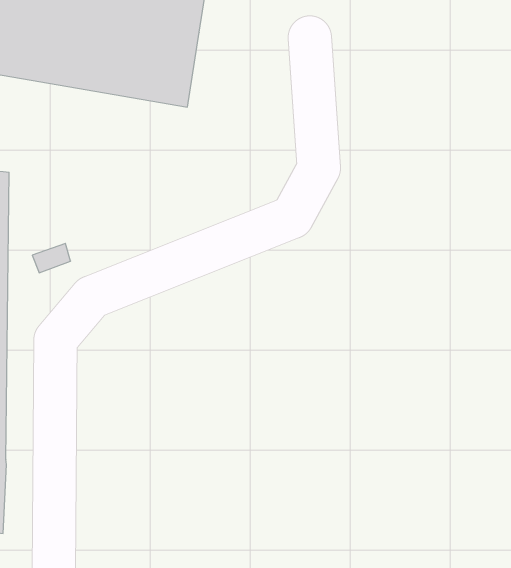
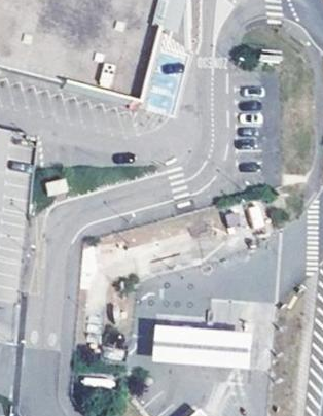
building: none -> [146,321,246,366]

